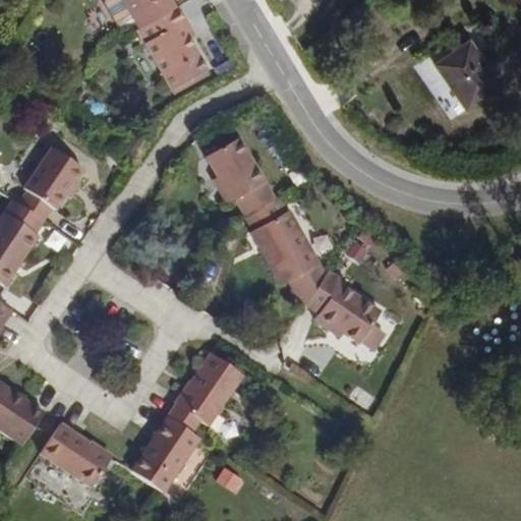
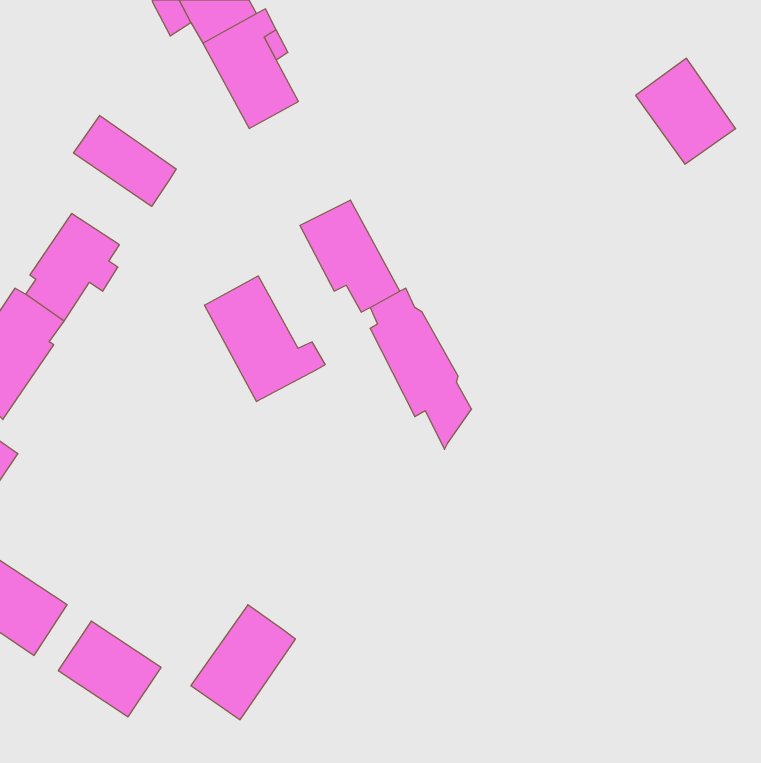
building: none -> [74,115,176,206]
building: none -> [204,276,325,402]
building: [305,271,386,343] -> none
building: [169,351,243,429] -> none

